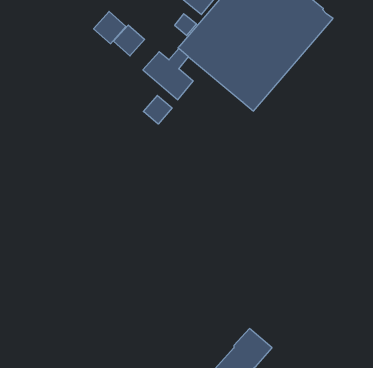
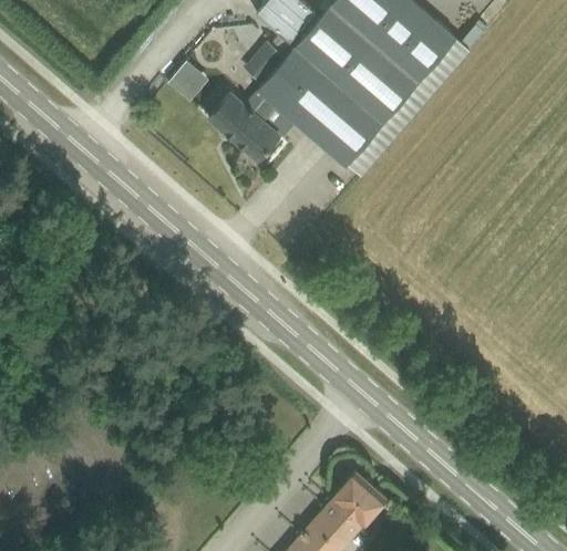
building: [94,11,126,44] -> none
building: [143,95,172,124] -> none

